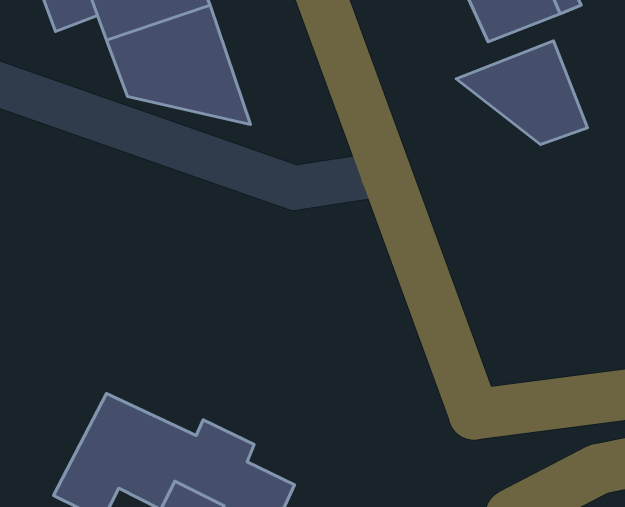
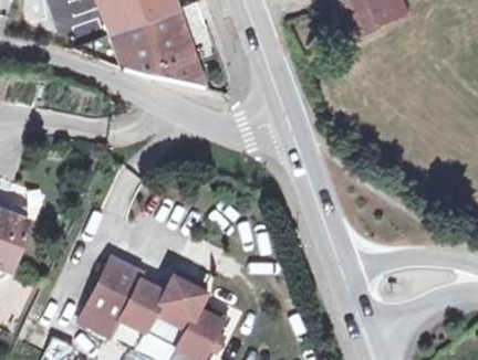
building: [456,41,587,144] -> none

